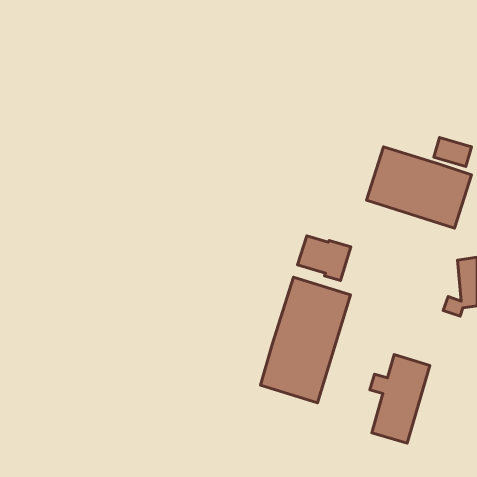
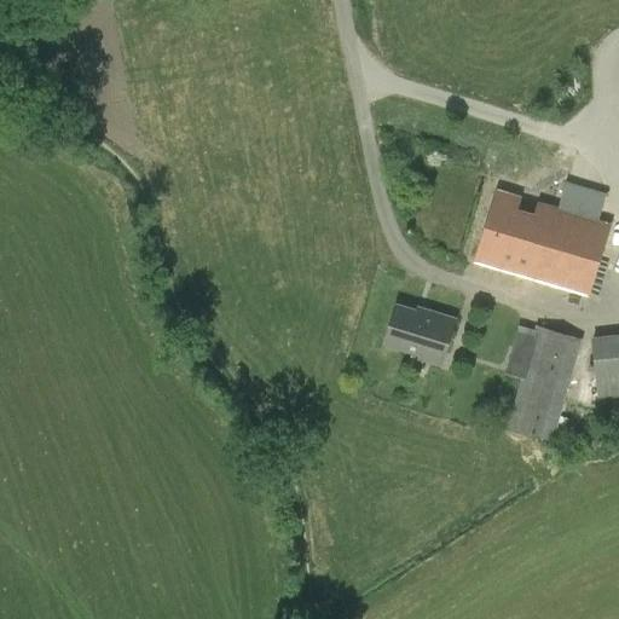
building: [261,277,350,403] -> none
building: [370,354,430,443] -> [504,324,582,439]

